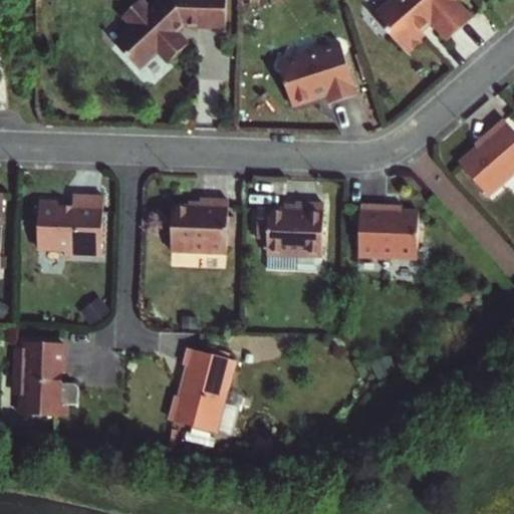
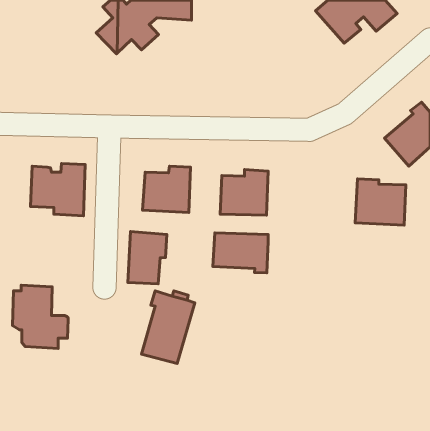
building: [281,40,359,101] -> none
building: [353,204,414,259] -> [355,179,406,225]
building: none -> [128,232,167,284]
building: none -> [213,233,268,273]

